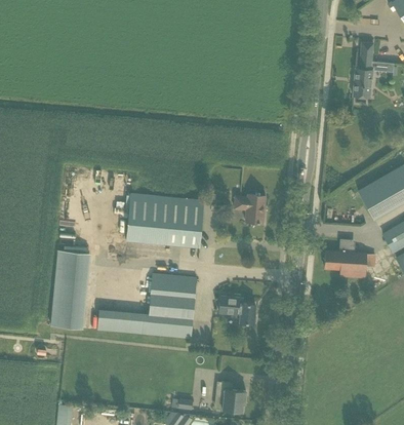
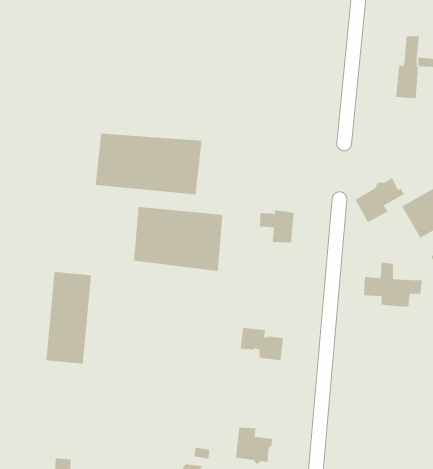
building: none -> [95,133,202,195]
building: none -> [355,177,405,223]
building: [96,273,196,339] -> none

